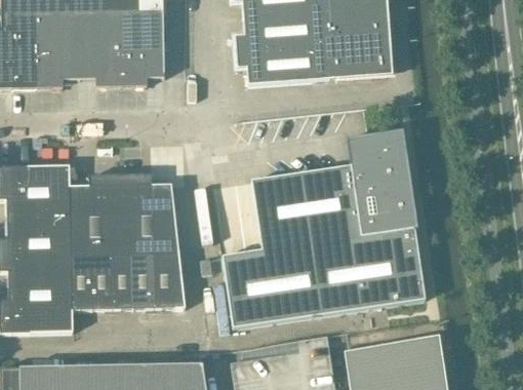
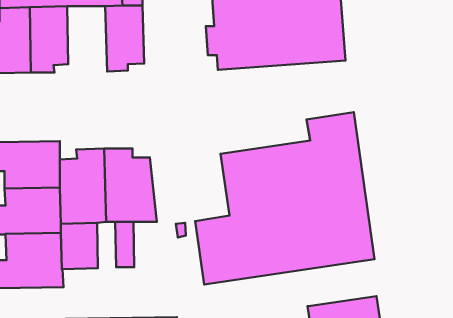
building: [78,12,123,86] -> none
building: [112,257,133,309] -> none
building: [153,257,186,308] -> none

